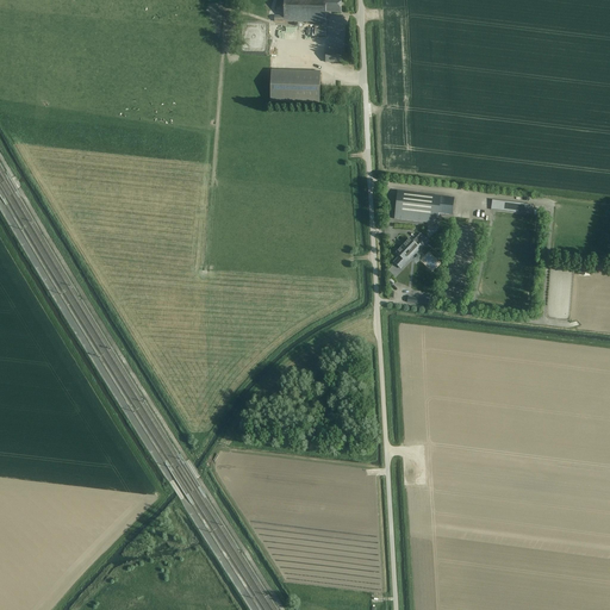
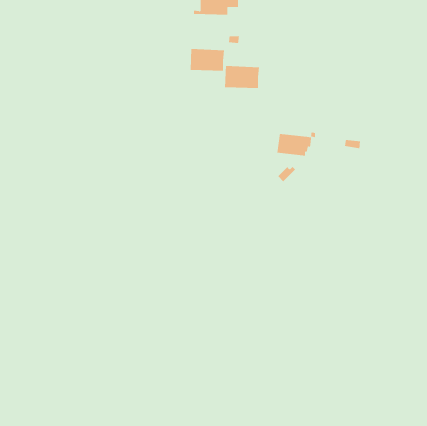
building: none -> [225,65,259,89]

